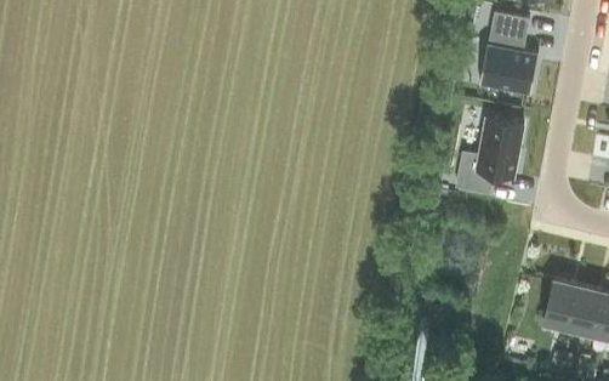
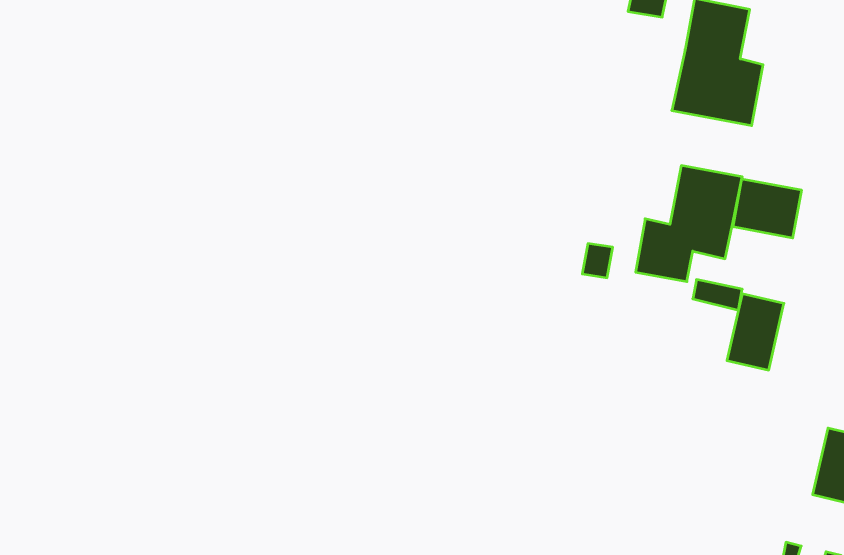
building: none -> [733,179,801,238]
building: [542,280,579,329] -> [727,294,784,370]

